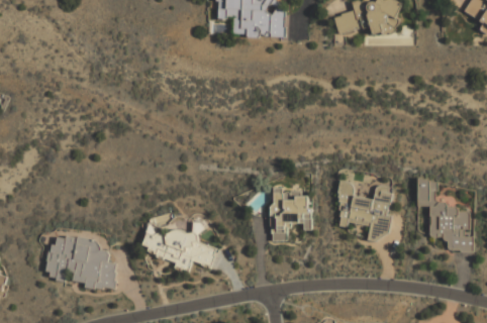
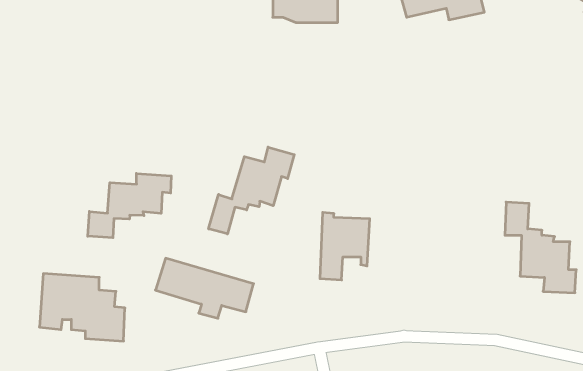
building: none -> [209,147,294,234]
building: none -> [88,173,171,238]
building: [335,181,391,239] -> none

